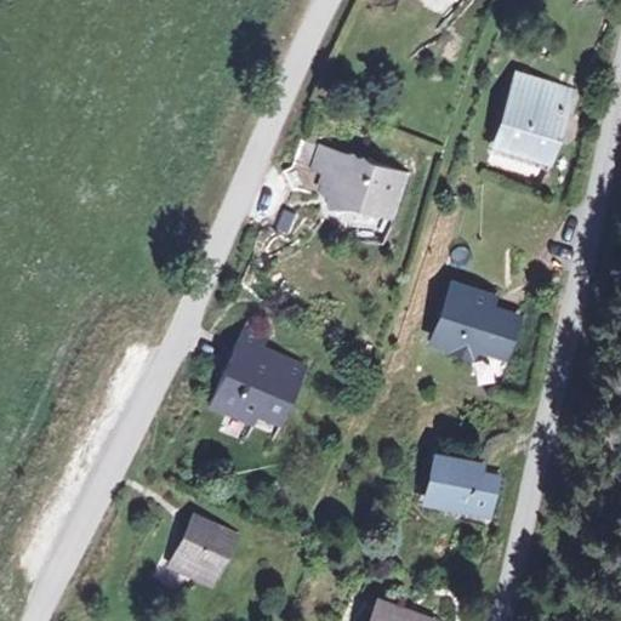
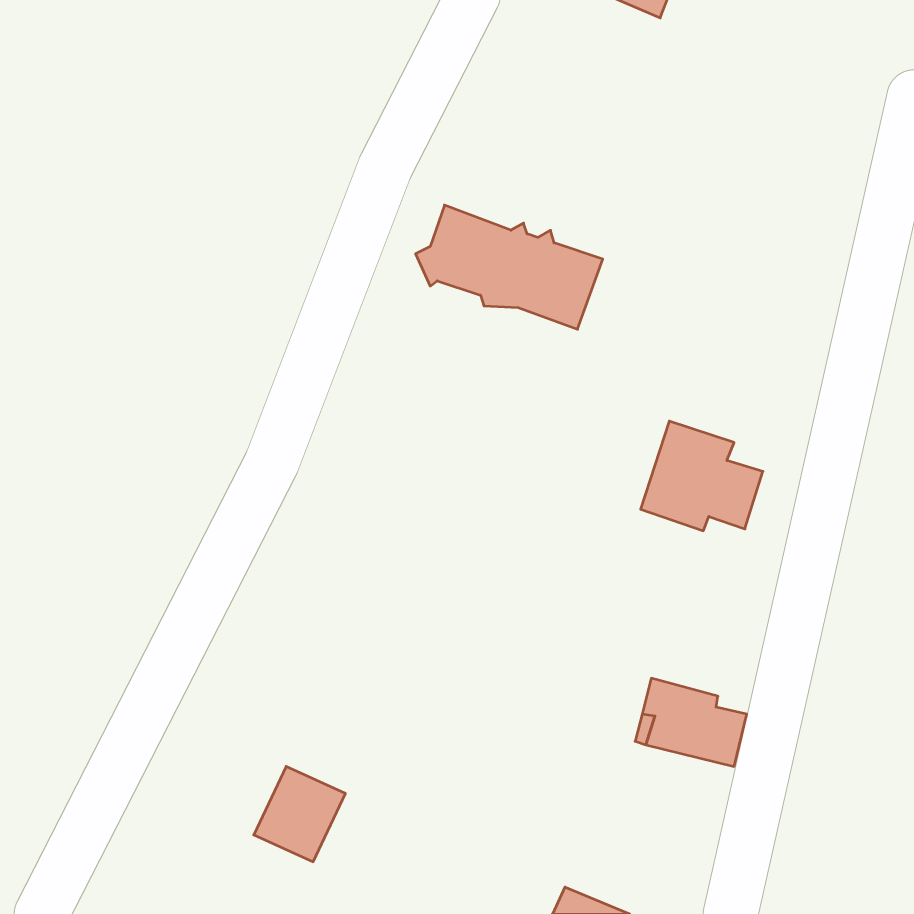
building: [497,74,570,163] -> none
building: [209,331,306,427] -> none

